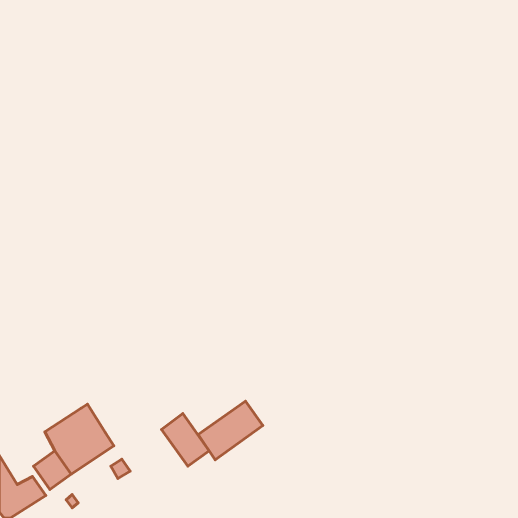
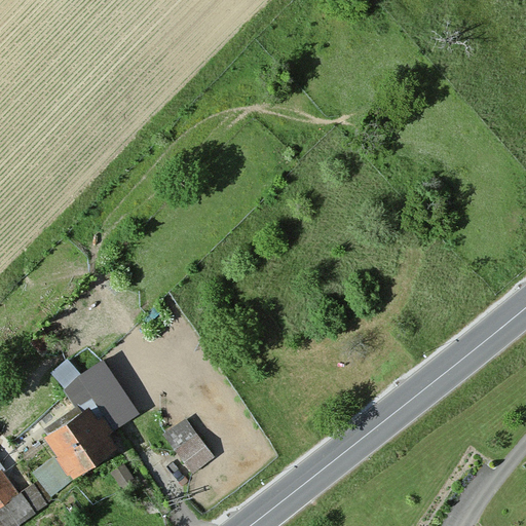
building: none -> [66,364,138,438]
building: [198,401,263,460] -> none

